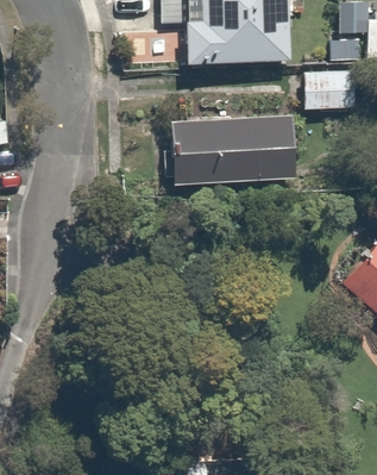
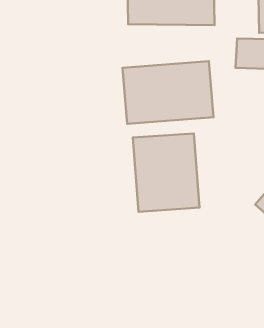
building: none -> [133,133,199,212]

